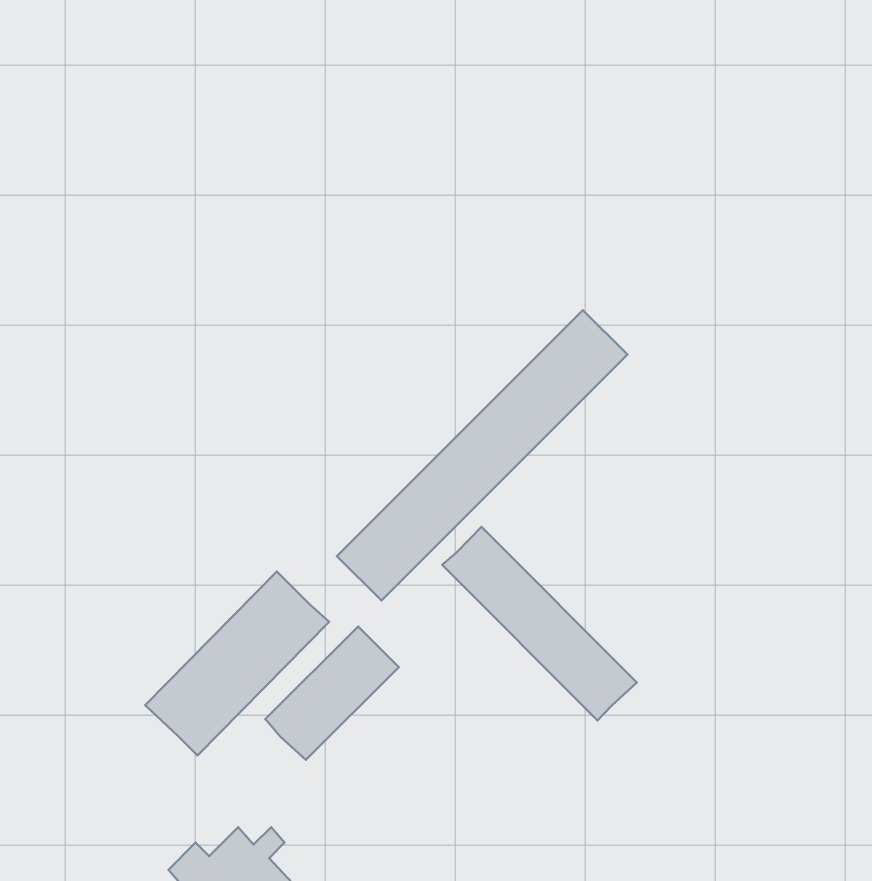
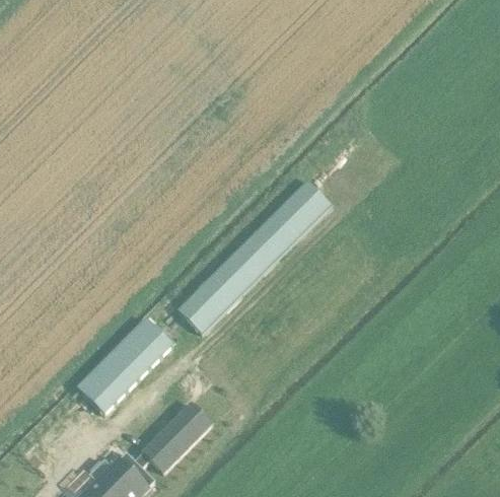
building: [442,527,637,720] -> none
building: [265,626,399,760] -> [142,402,212,472]

